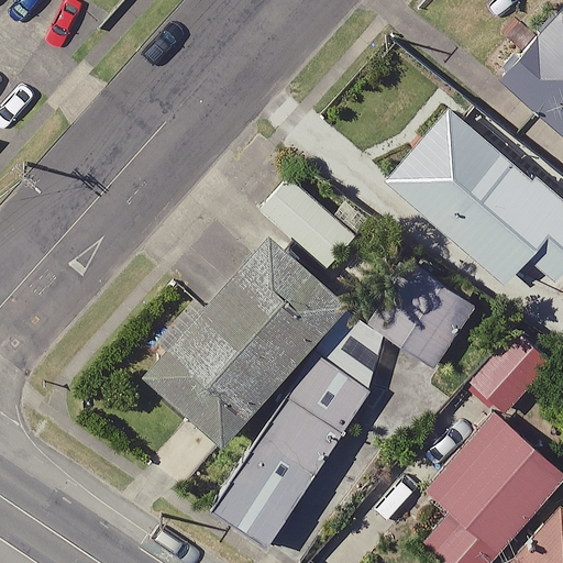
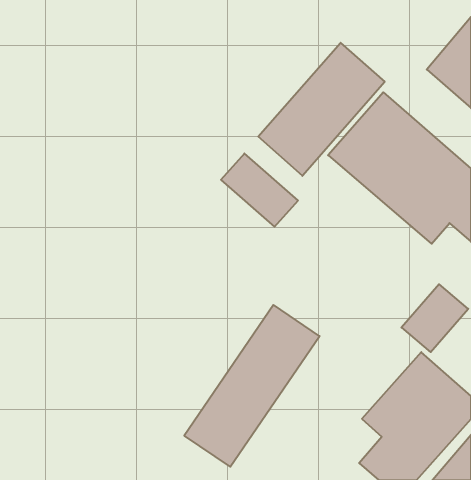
building: none -> [258,43,385,176]
building: [148,236,355,448] -> none
building: [364,262,471,365] -> none

